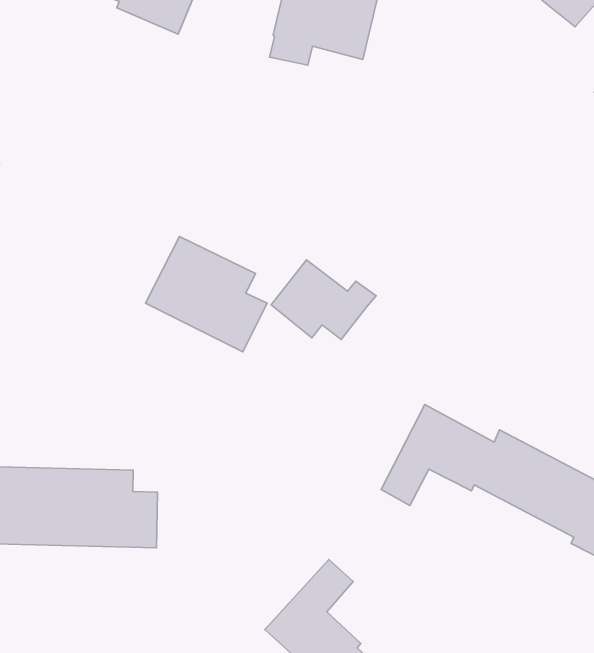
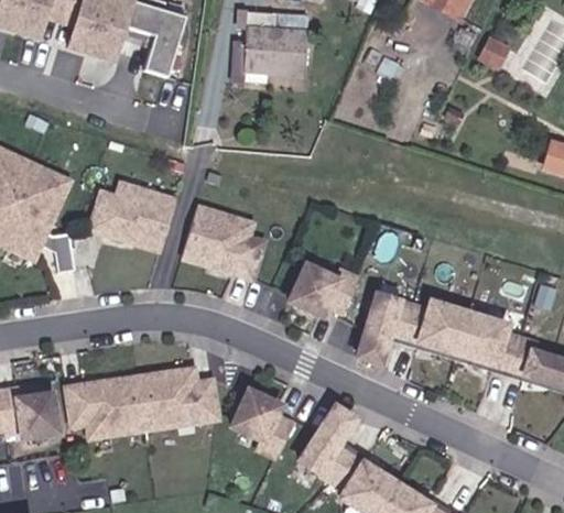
building: none -> [91,183,177,248]
building: [271,260,376,339] -> [290,265,359,317]
building: none -> [231,389,290,456]

